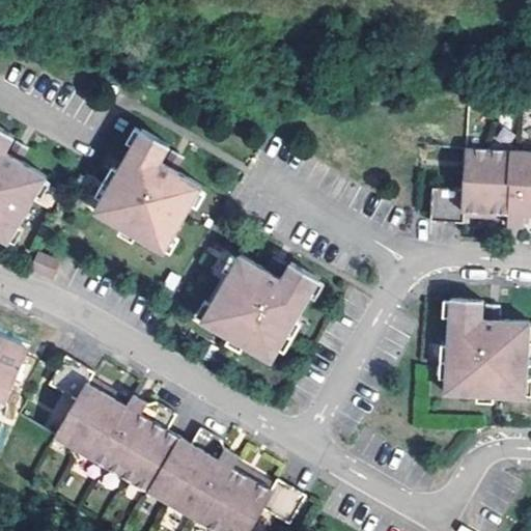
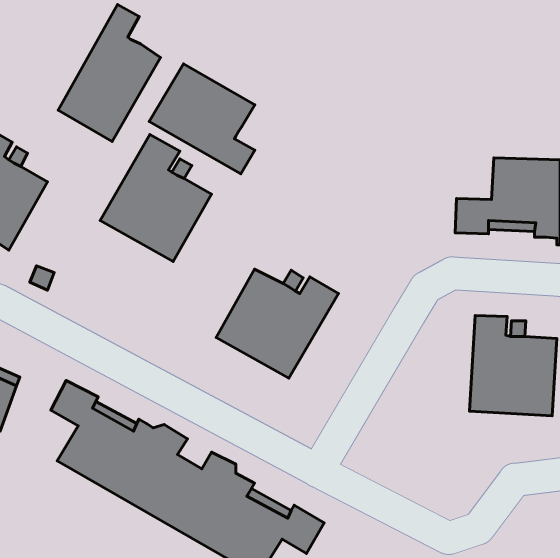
building: none -> [58,4,160,142]
building: none -> [149,64,255,174]

